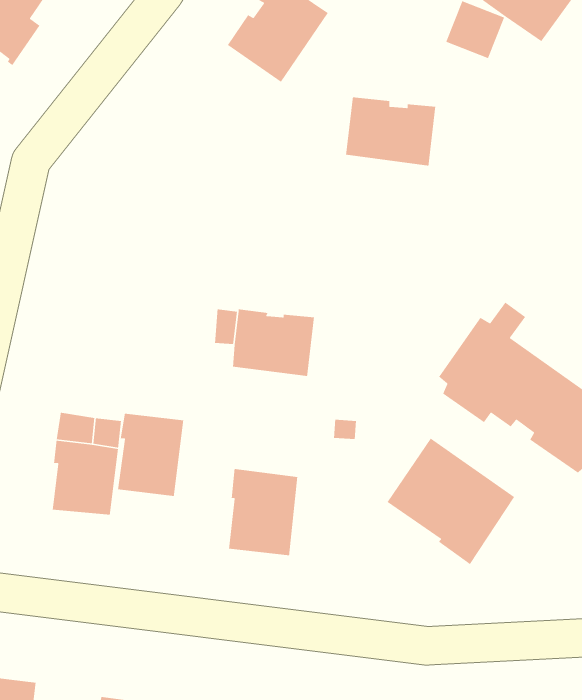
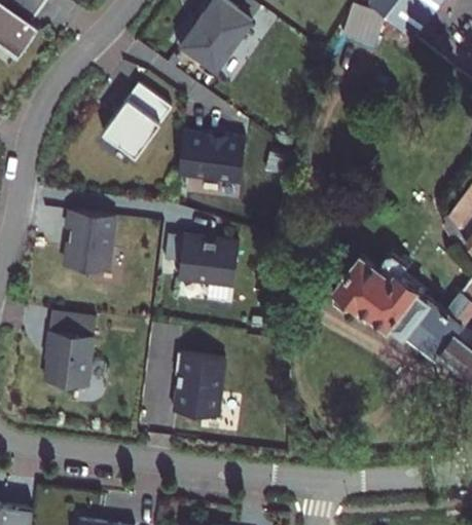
building: [345,96,436,166] -> [179,133,246,184]
building: none -> [103,85,172,159]
building: [117,413,184,497] -> [66,213,115,274]
building: [386,438,515,565] -> none

